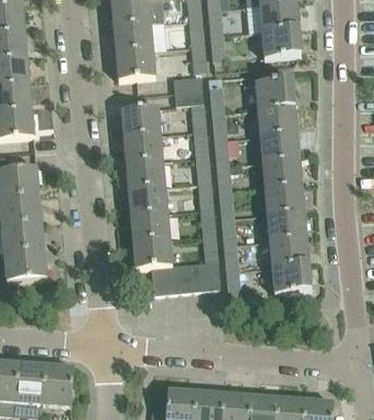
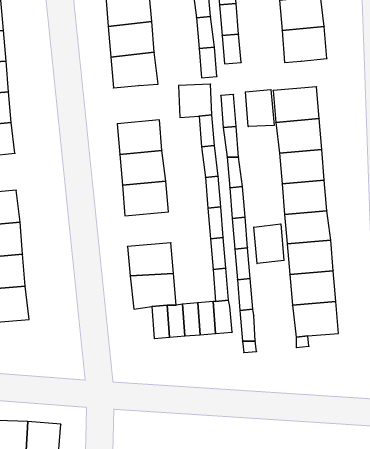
building: none -> [245,90,274,127]
building: [128,184,167,213] -> none
building: none -> [254,224,284,264]

